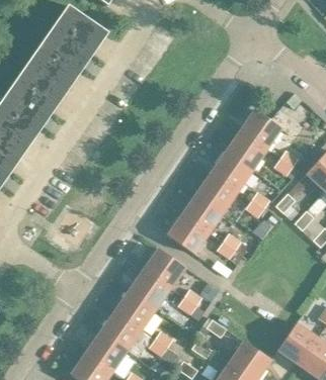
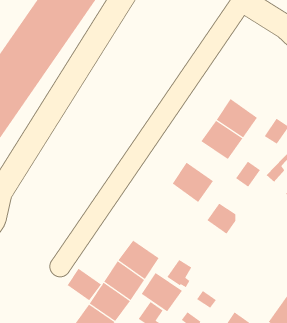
building: [240,108,281,149] -> none
building: [196,172,238,211] -> none
building: [167,213,209,253] -> none
building: [144,248,185,287] -> [141,272,183,312]
building: none -> [67,268,102,301]

